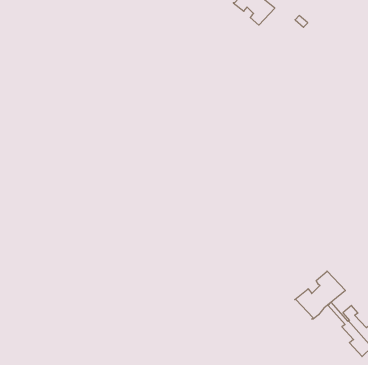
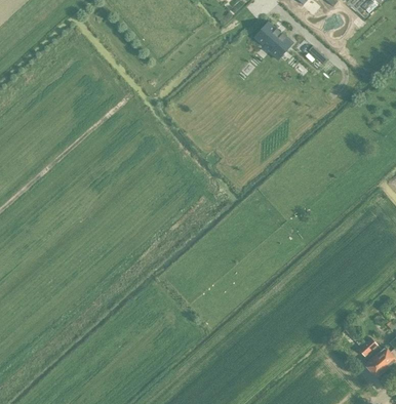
building: [295,271,345,319] -> none

